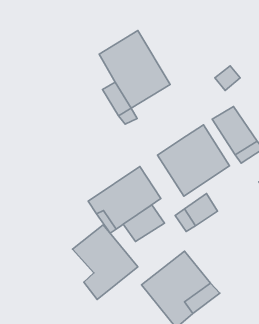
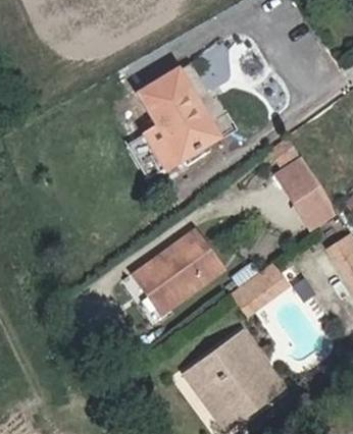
building: [158,125,230,196] -> none
building: [123,205,165,241] -> none
building: [73,225,138,300] -> none

